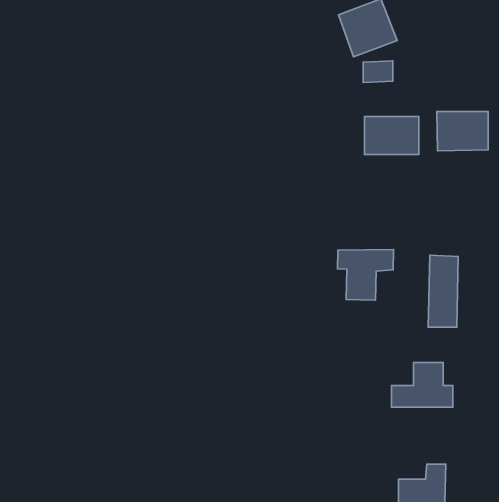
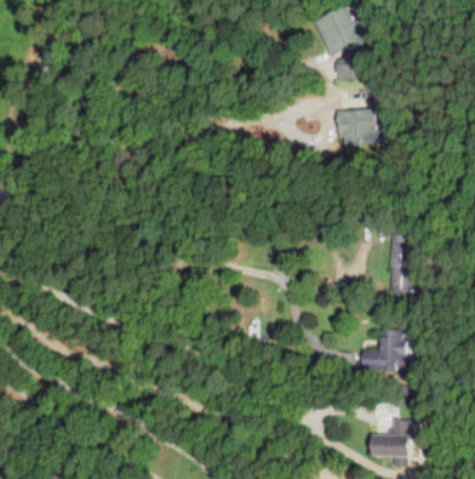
building: [437,112,488,151] -> none
building: [338,250,393,300] -> none

